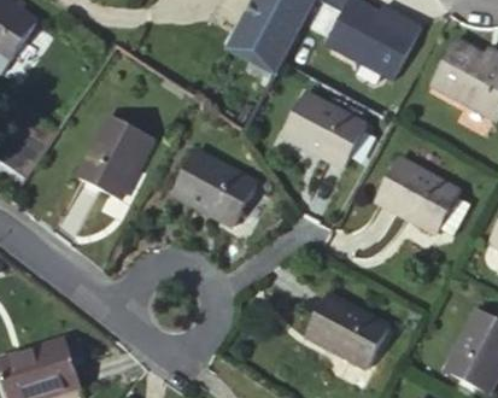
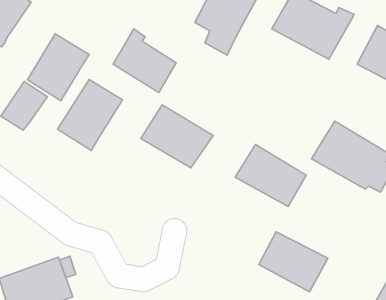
building: none -> [113,29,176,92]
building: none -> [27,34,89,101]
building: [277,99,362,172] -> [235,145,306,207]

